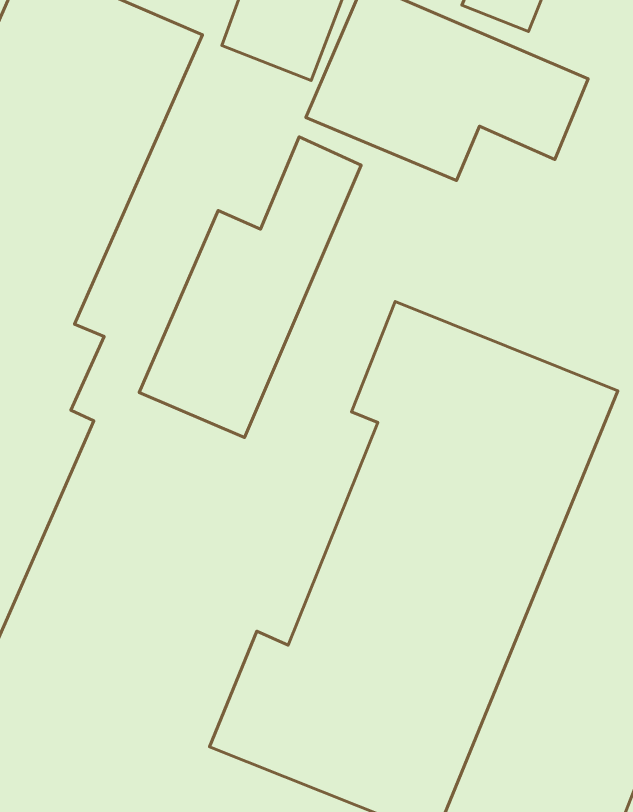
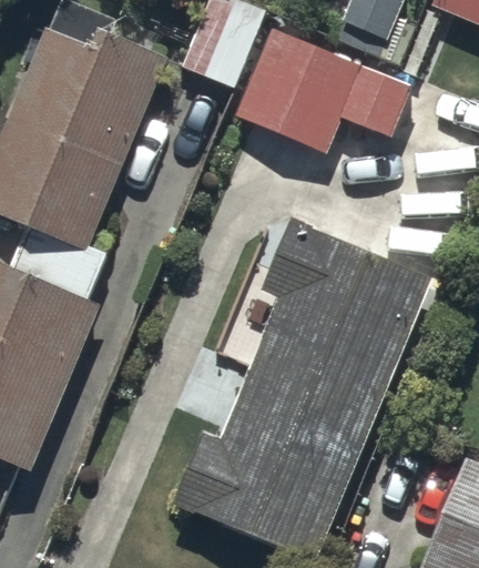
building: [139,137,361,438] -> none

